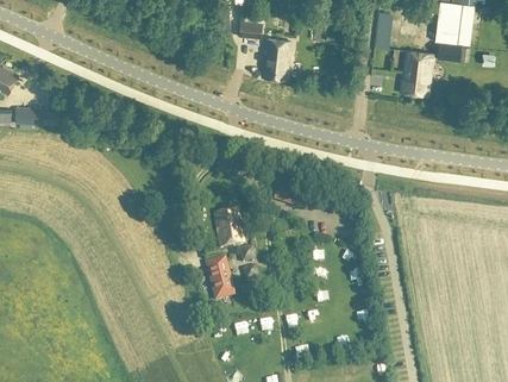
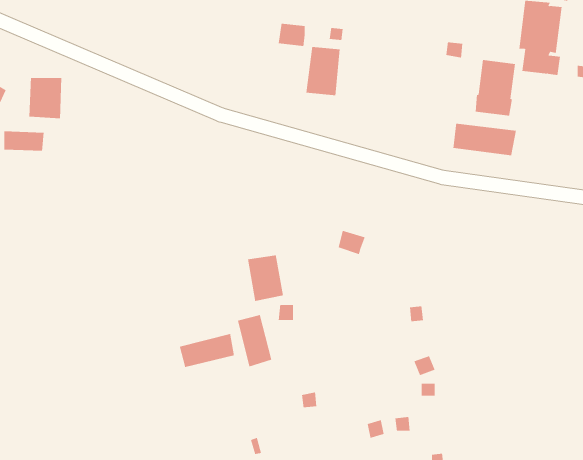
building: none -> [29,77,62,119]
building: none -> [453,123,516,156]
building: none -> [179,333,234,368]

